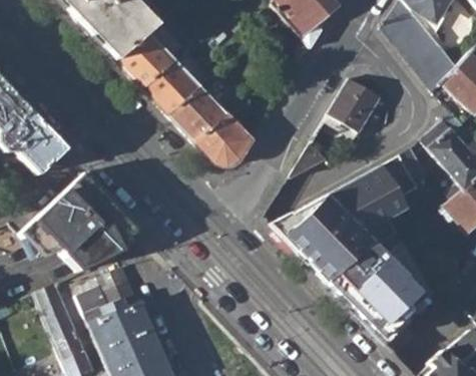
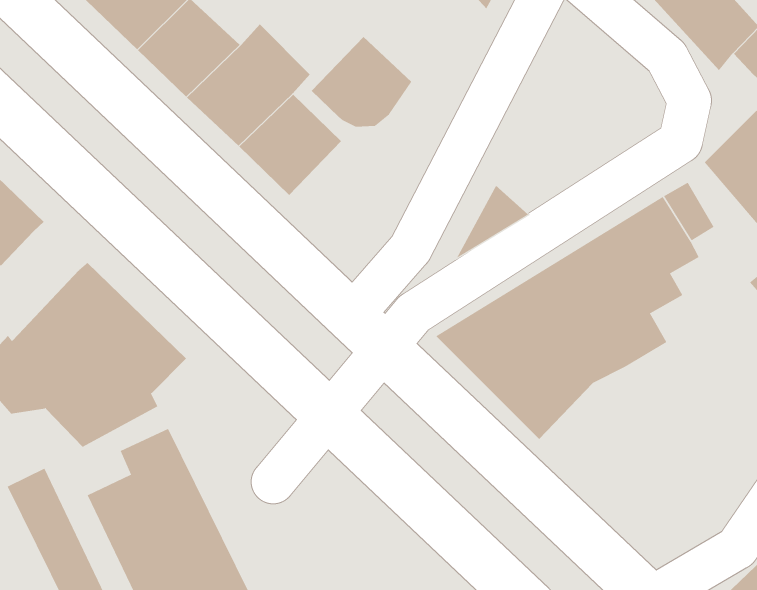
building: [327,78,381,133] -> none
building: [196,116,252,165] -> [311,36,412,127]
building: [325,247,427,344] -> none

